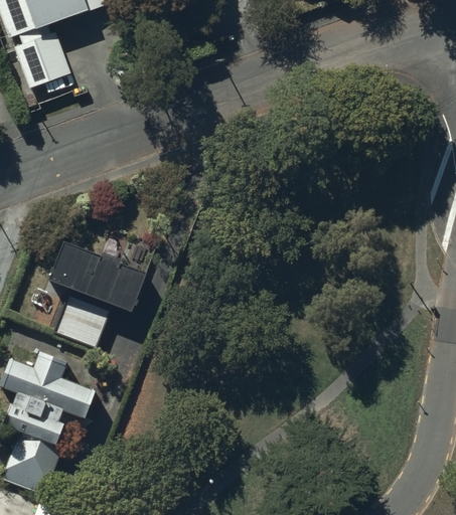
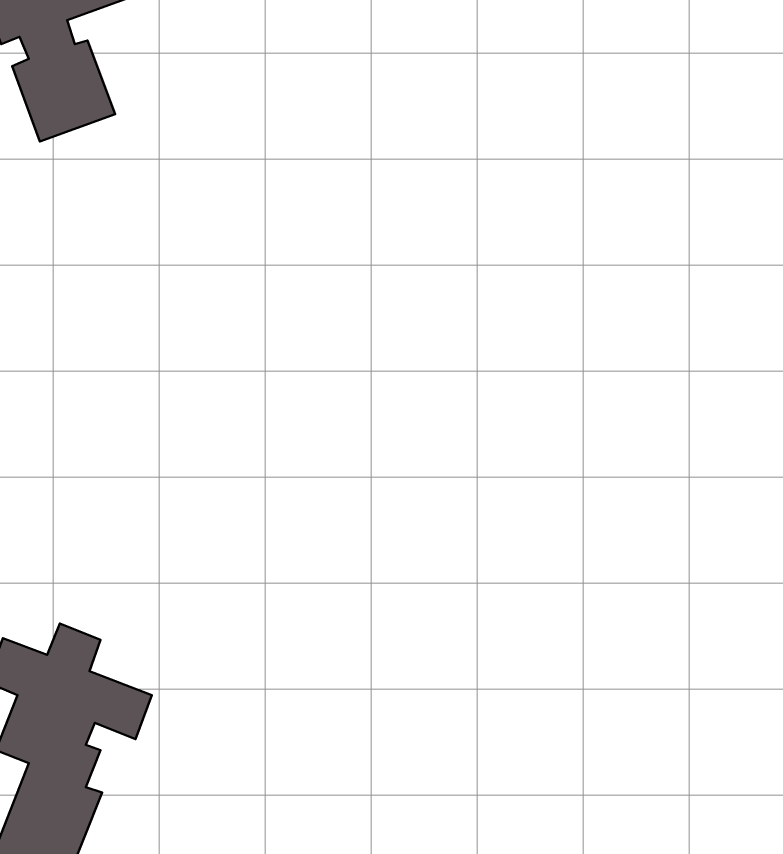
building: [48,237,148,309] -> none
building: [54,297,110,348] -> none

